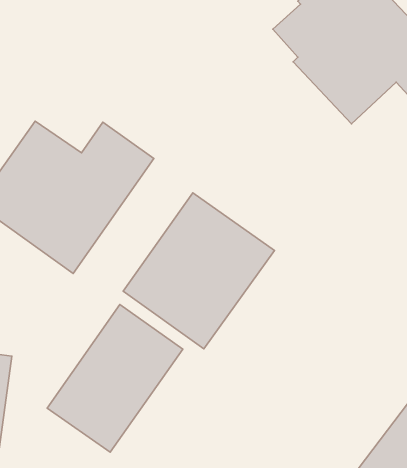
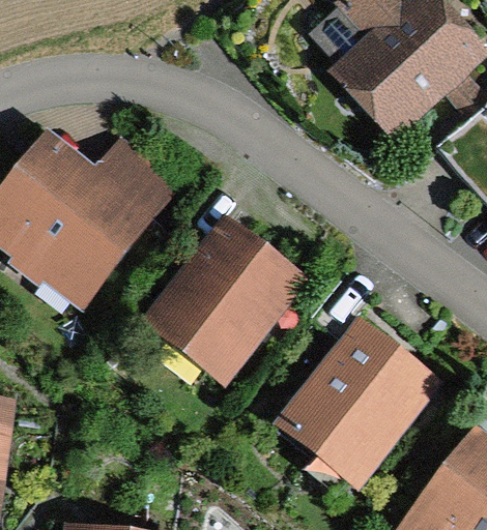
building: none -> [273,318,439,489]
building: [47,305,183,452] -> none

